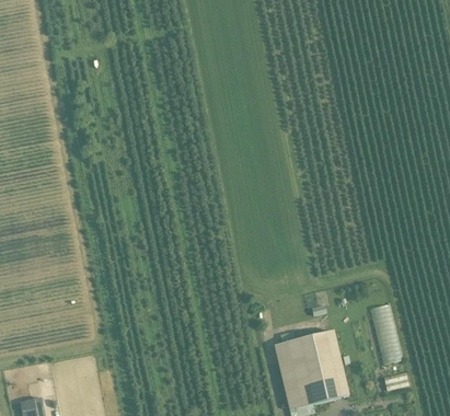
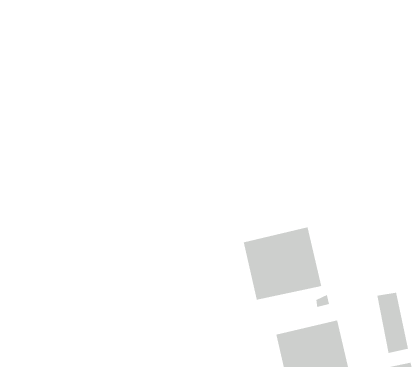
building: none -> [243,227,322,301]

